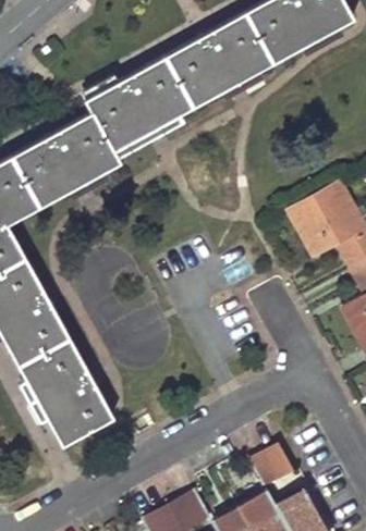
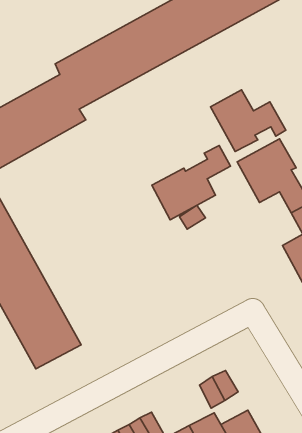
building: none -> [210,90,286,152]
building: none -> [152,145,231,220]

